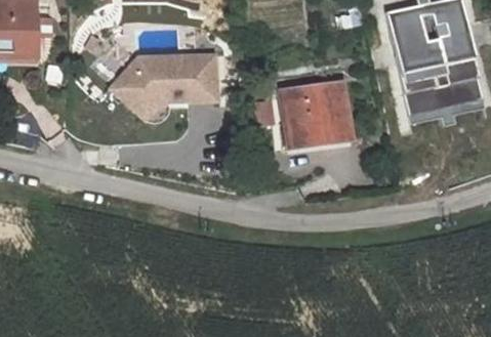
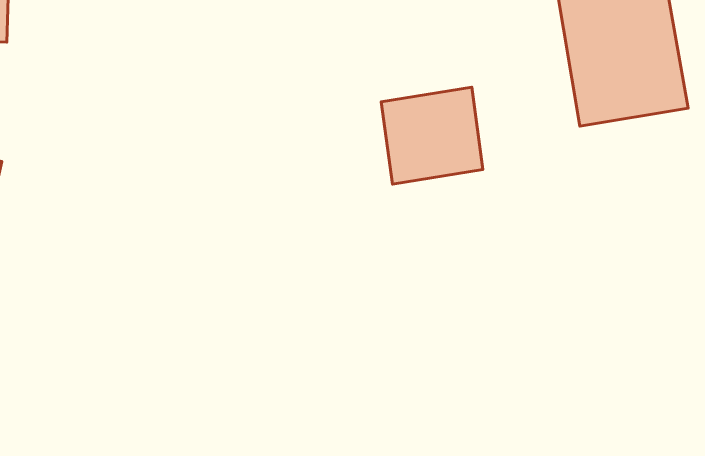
building: [111,53,218,120] -> none

